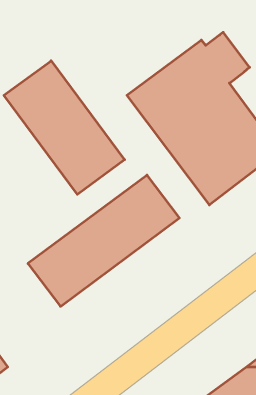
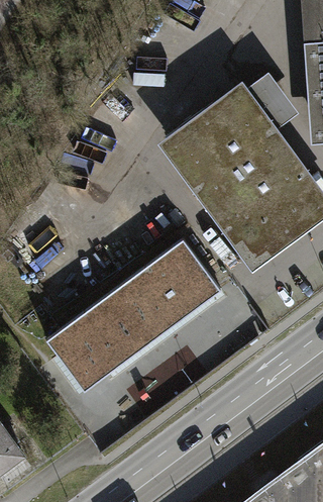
building: [4,61,125,194] -> none

